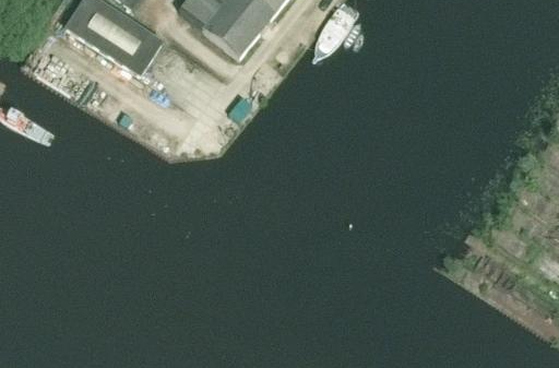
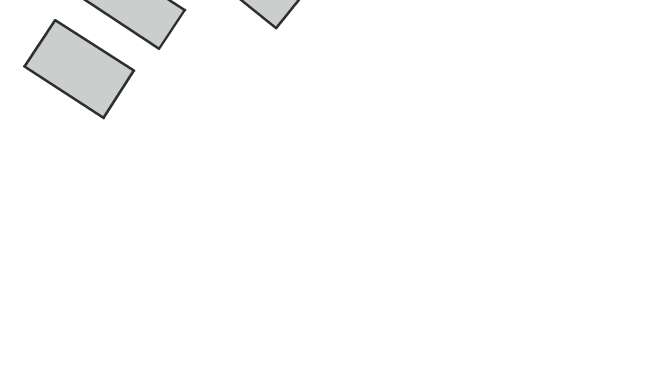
building: none -> [24,20,134,118]

